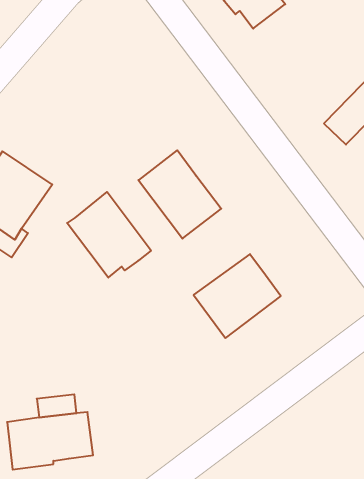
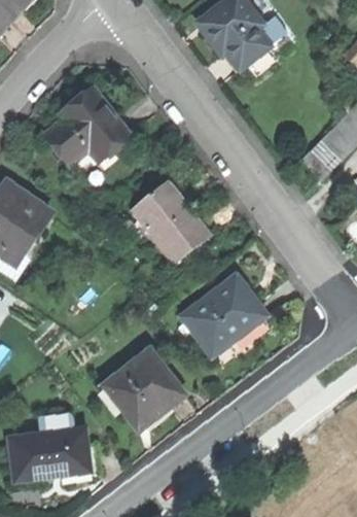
building: none -> [42,84,133,166]
building: [67,192,151,278] -> none
building: none -> [104,349,184,429]

